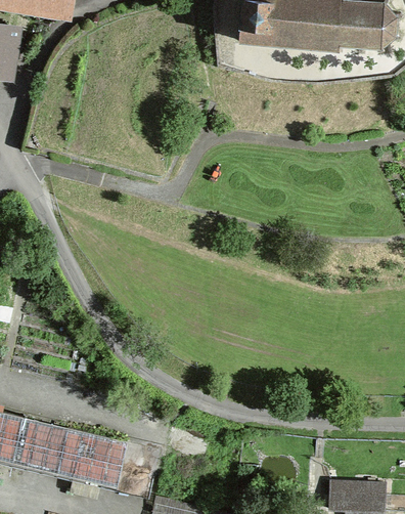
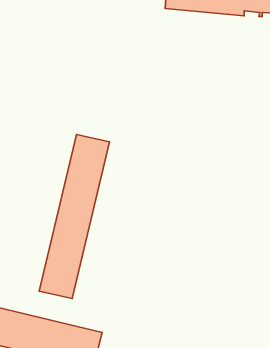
building: none -> [39,134,109,298]

